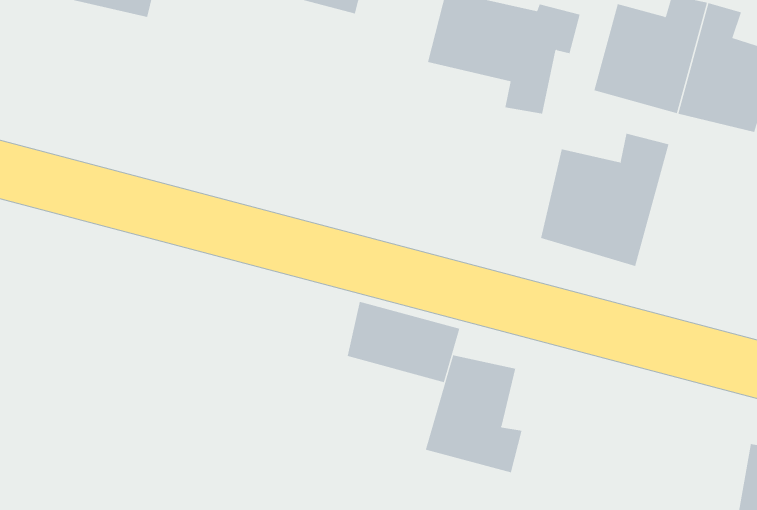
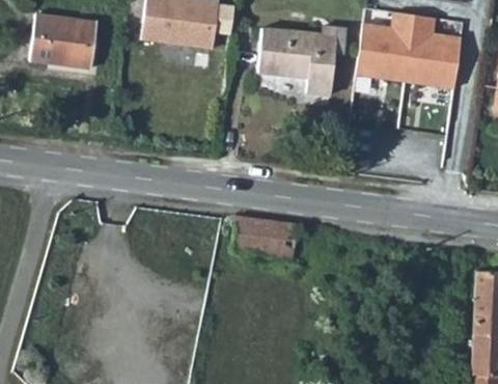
building: [541,133,669,267] -> none
building: [425,354,522,473] -> none

